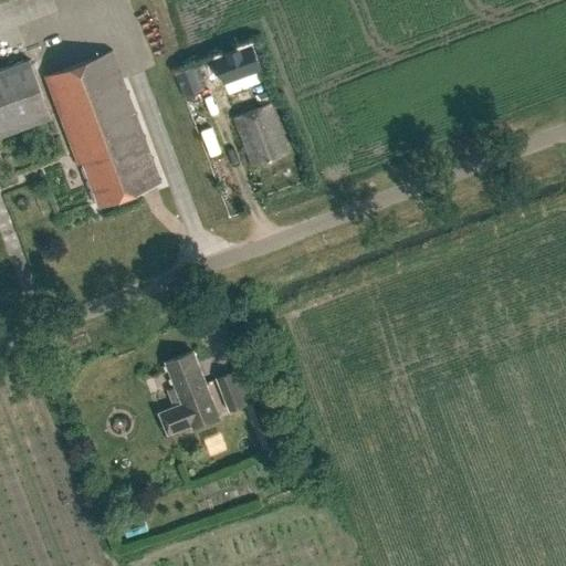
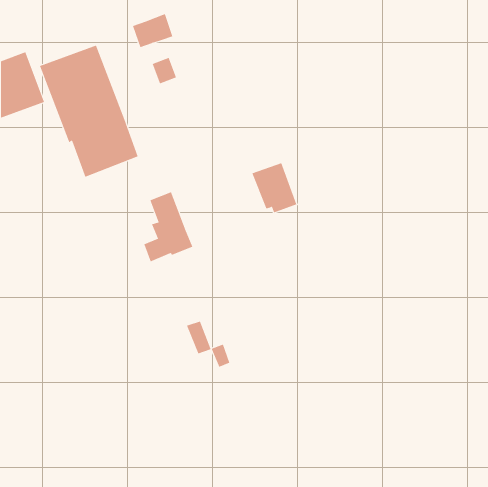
building: [214,45,262,85] -> [132,13,173,48]
building: [234,106,287,165] -> [251,163,297,213]
building: [160,353,218,434] -> [144,192,193,262]

